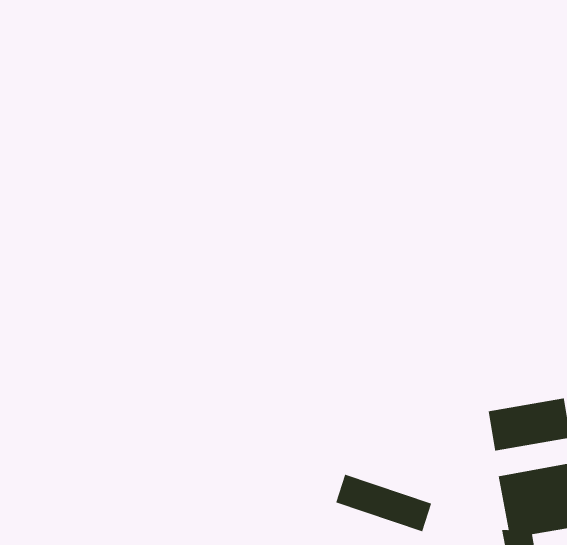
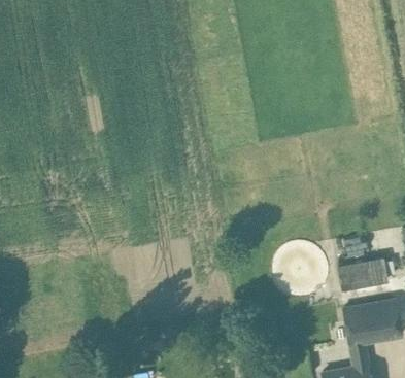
building: [335,474,432,532] -> none

